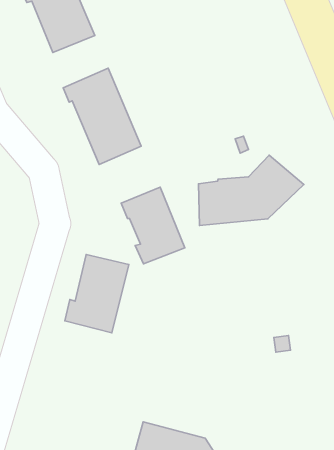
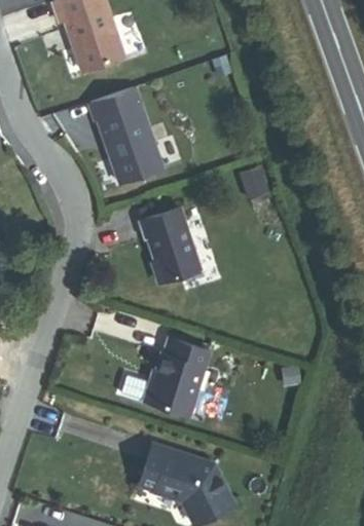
building: [198,155,304,226] -> none
building: [65,254,129,333] -> [143,335,209,413]

